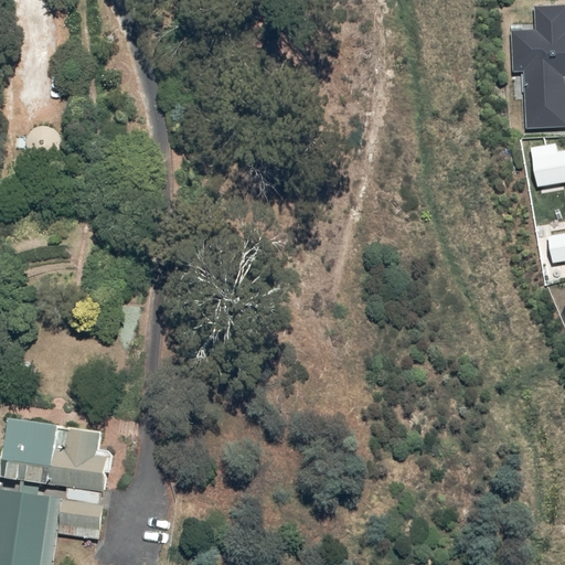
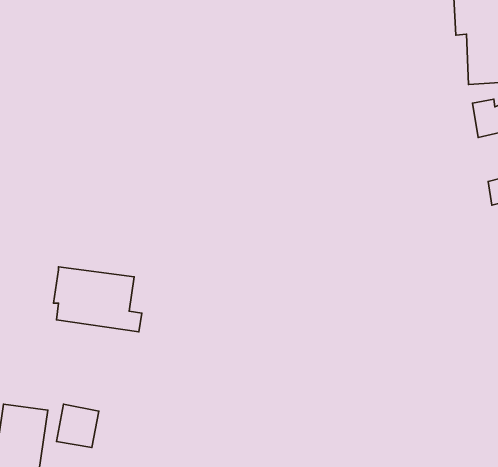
building: [13,416,113,489] -> [54,267,142,332]

